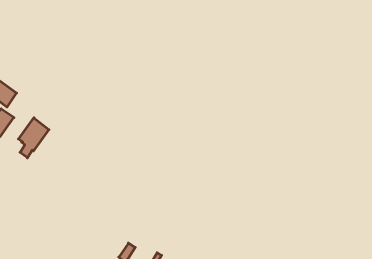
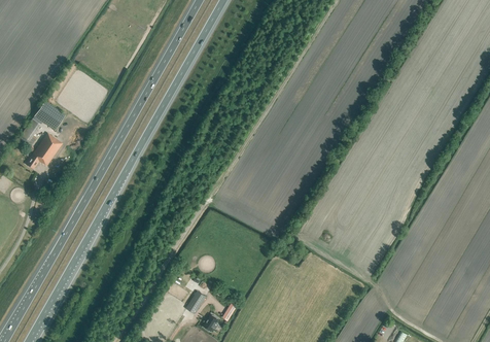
building: [18,118,49,158] -> none

